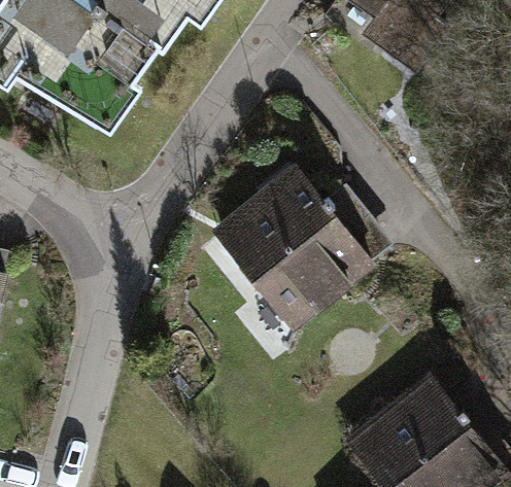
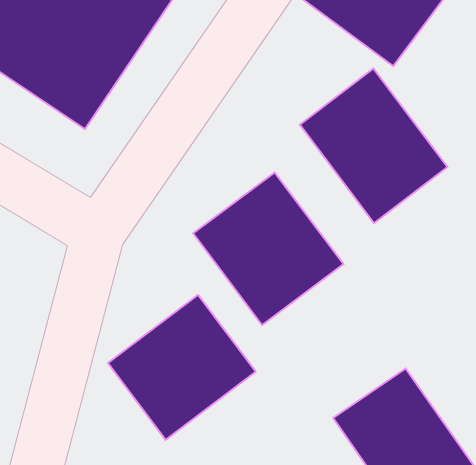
building: none -> [300,68,448,223]
building: none -> [108,295,256,440]

